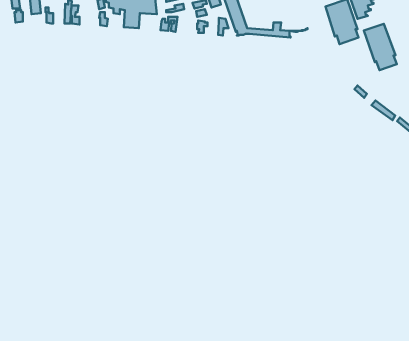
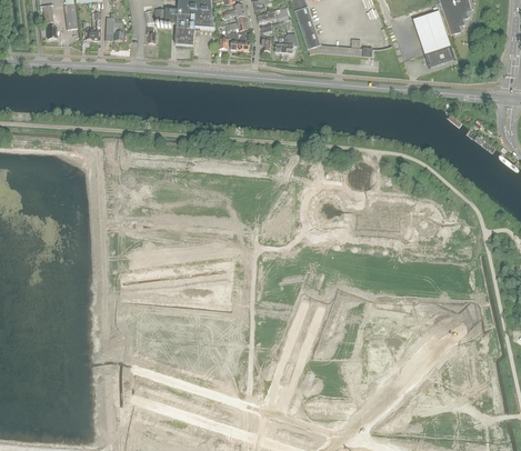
building: [364,24,397,70] -> none

